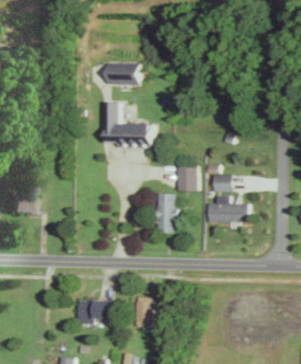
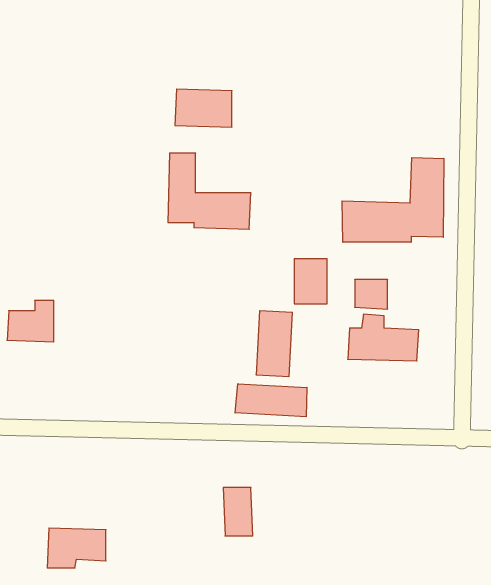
building: none -> [342,158,444,242]
building: none -> [235,384,307,417]
building: [77,300,111,323] -> [47,528,106,568]

